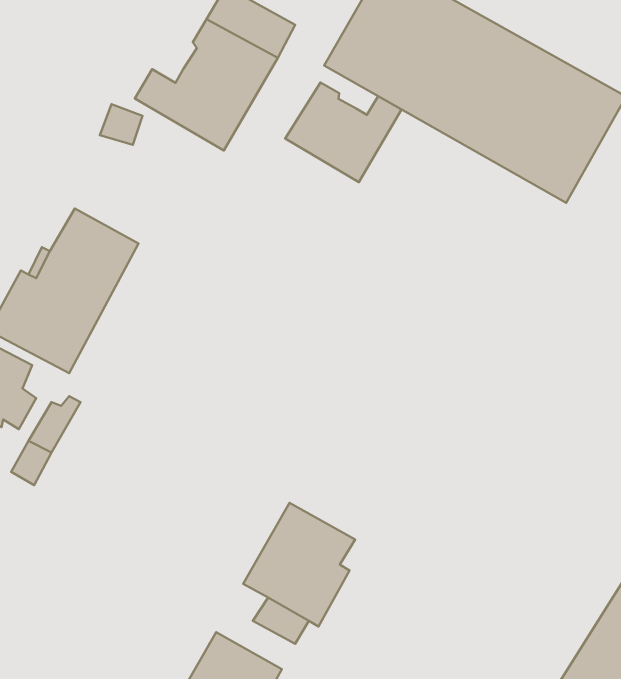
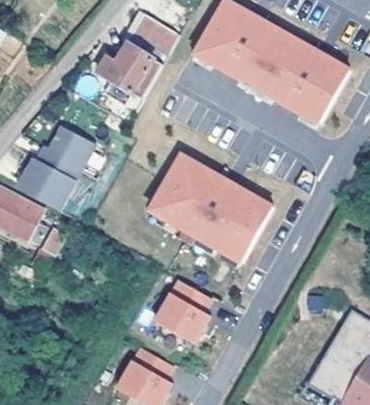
building: [285,82,402,182] -> none
building: none -> [146,153,270,262]

